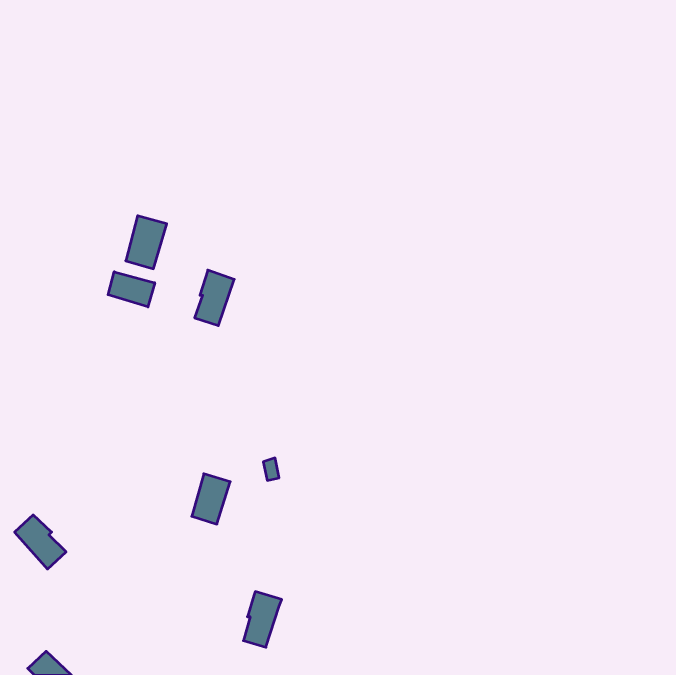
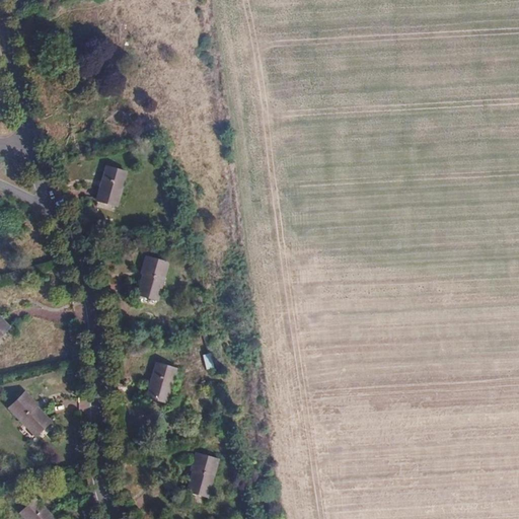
building: [195,270,234,326] -> [137,257,167,300]
building: [108,272,155,307] -> none

